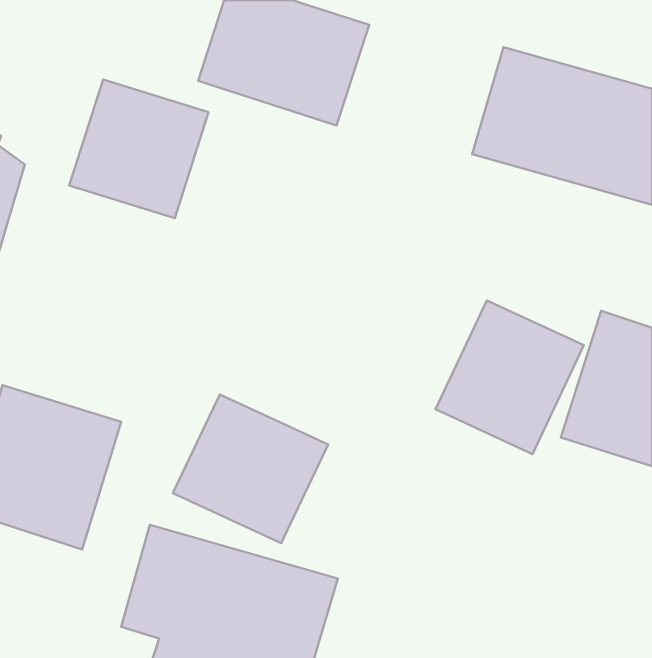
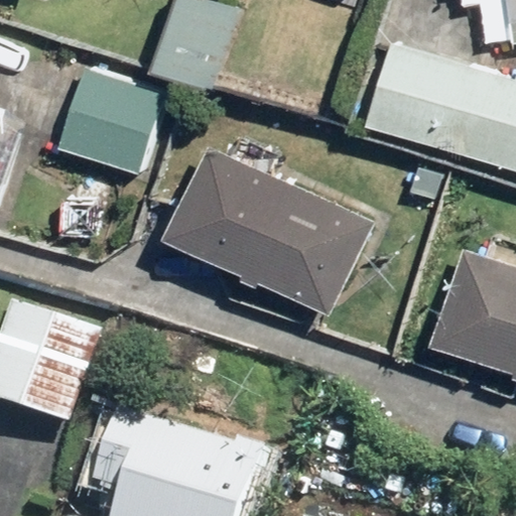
building: none -> [164,144,376,314]
building: [435,300,584,454] -> none
building: [173,394,328,543] -> none

